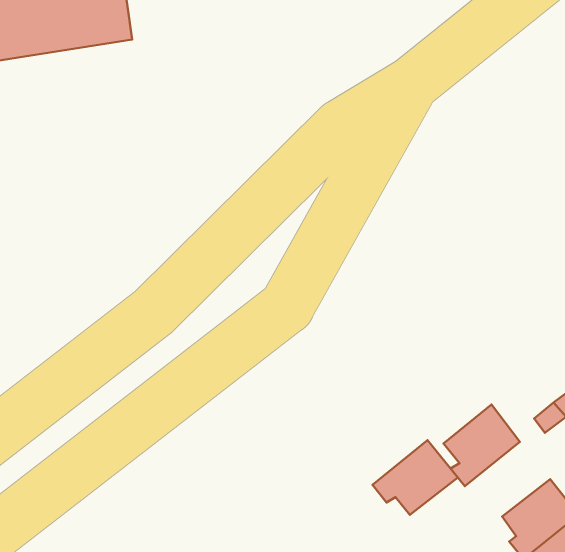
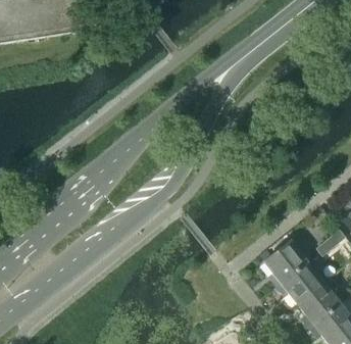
building: [372,440,458,515] -> [277,261,325,304]

